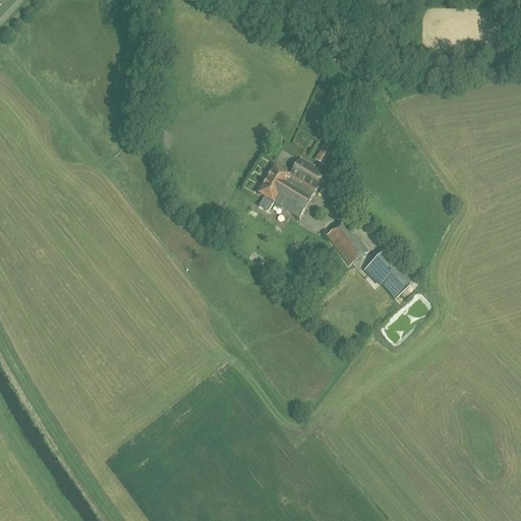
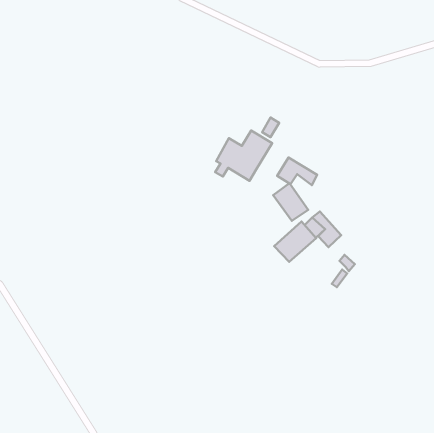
building: none -> [277,157,317,185]
building: none -> [274,221,316,262]

